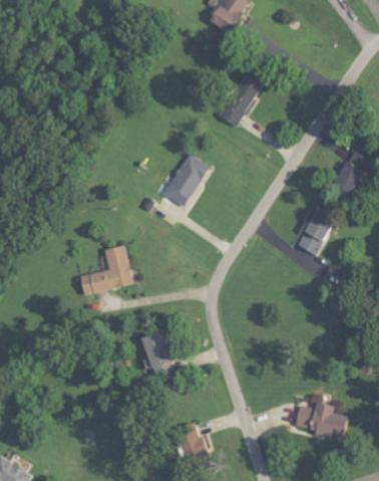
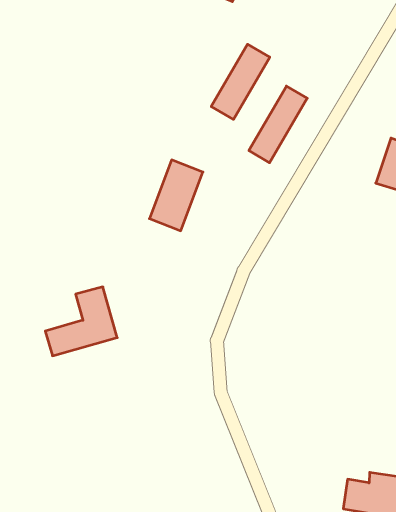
building: none -> [249,86,307,163]
building: [298,206,336,255] -> none
building: [144,331,174,380] -> none

